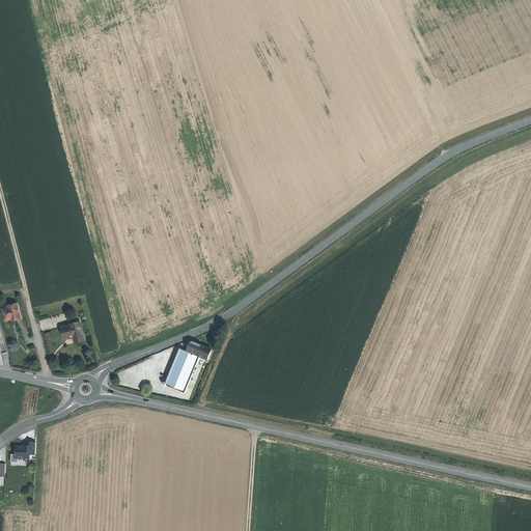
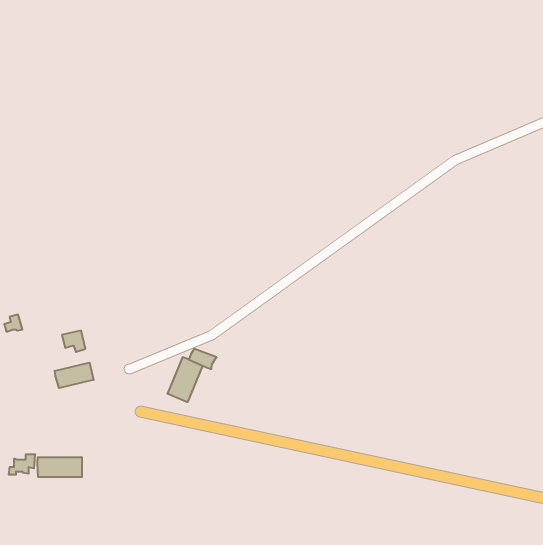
building: none -> [55,363,94,388]
building: none -> [37,457,82,477]

